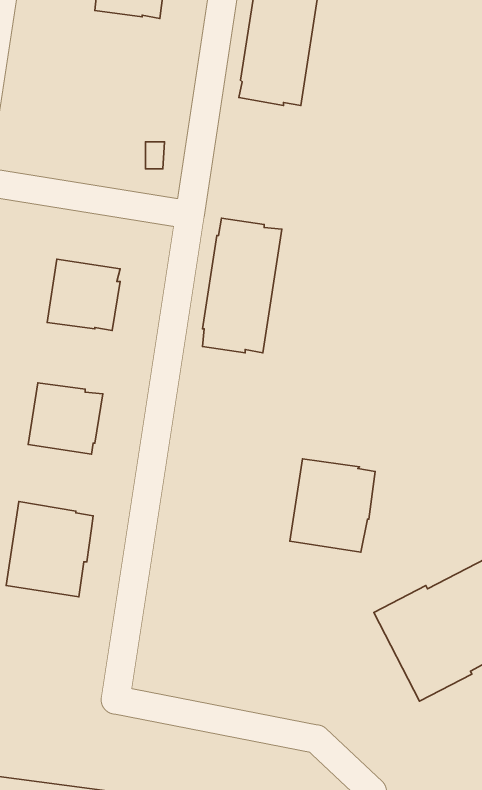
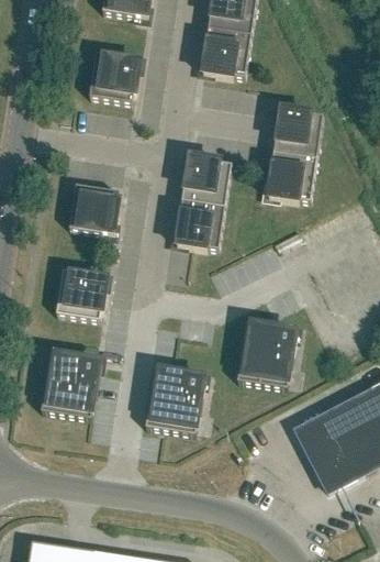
building: none -> [88,51,139,101]
building: none -> [267,107,322,199]
building: none -> [144,367,204,432]

